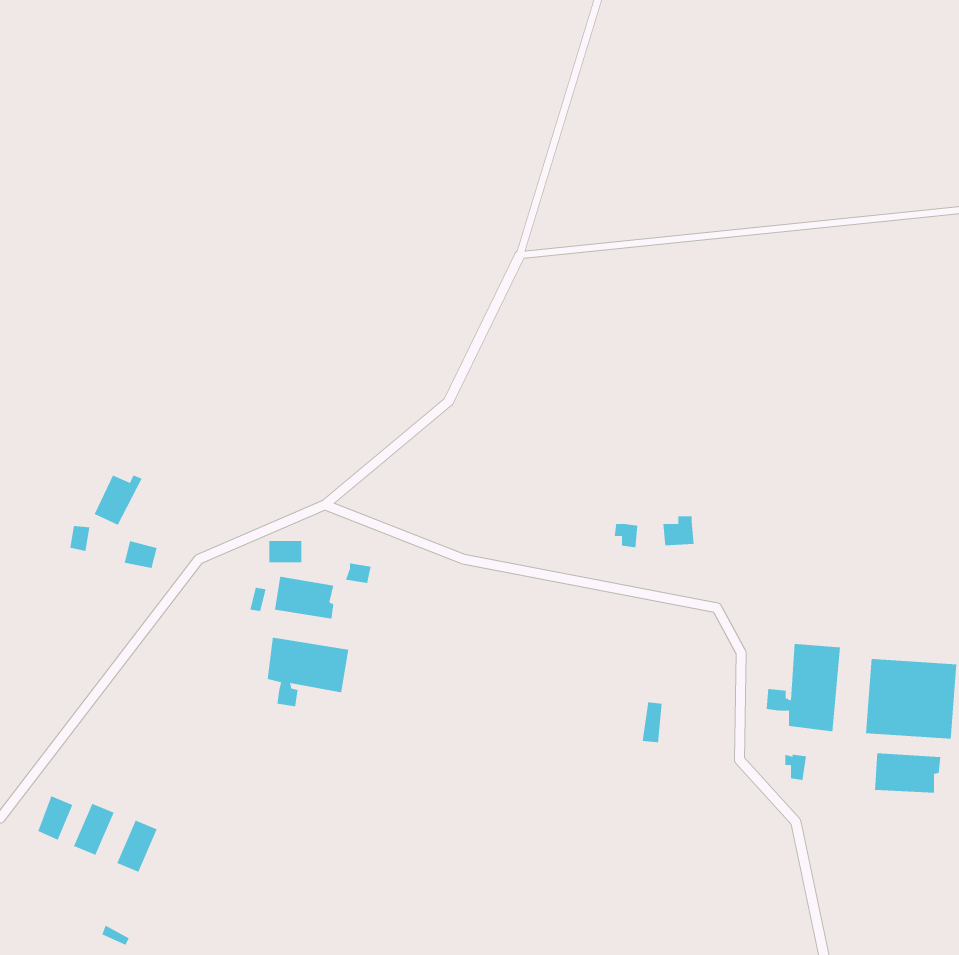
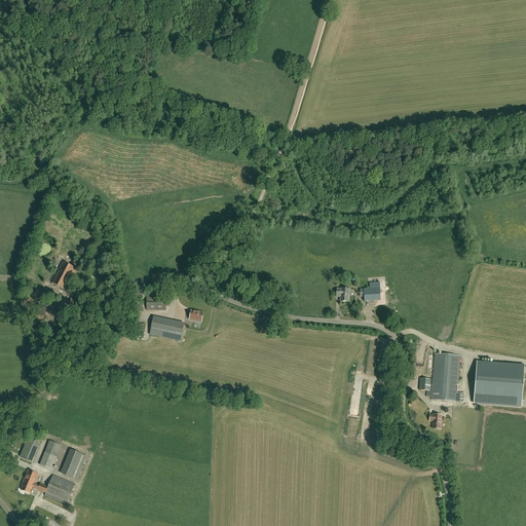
building: [267,637,349,707] -> none
building: [875,752,941,794] -> none
building: none -> [21,468,74,502]

